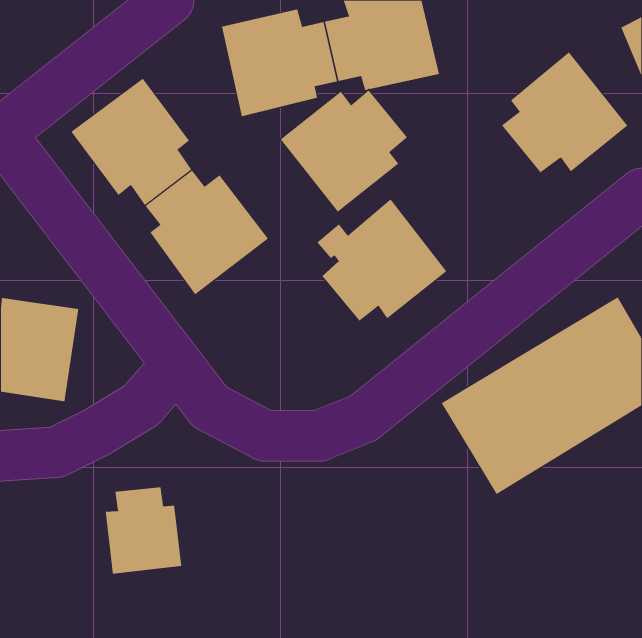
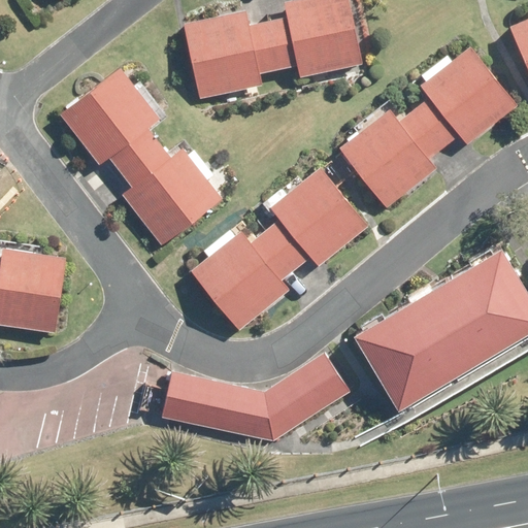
building: [280,89,408,213] -> [338,106,443,207]
building: none -> [189,230,295,331]
building: none -> [162,355,350,442]
building: [105,487,182,575] -> none

